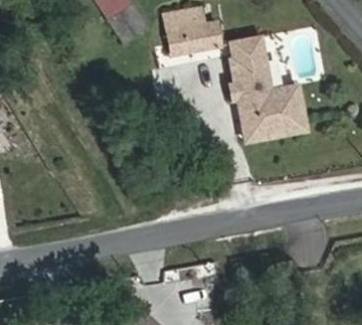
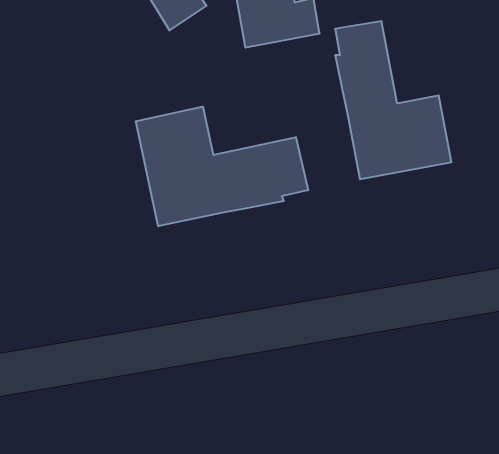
building: none -> [136,107,308,226]

